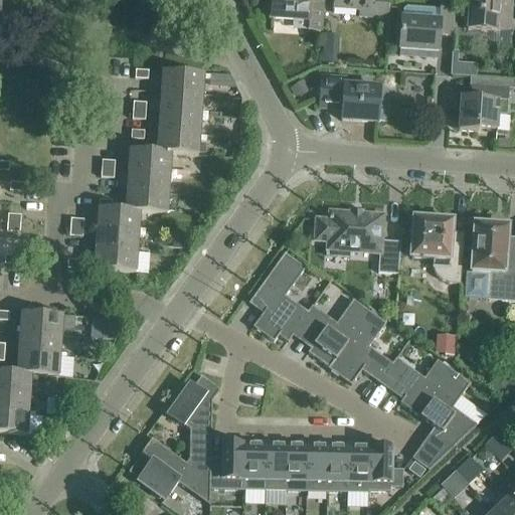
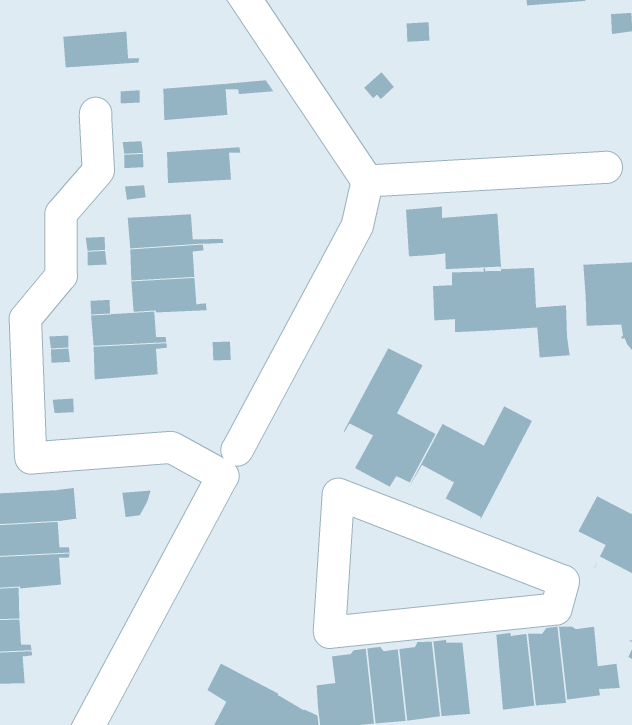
building: [319,75,379,120] -> [405,206,502,270]
building: [160,90,208,113] -> [62,31,140,68]
building: [157,130,206,154] -> none
building: [95,247,142,271] -> none
building: [329,309,396,382] -> none
building: [168,383,211,473] -> none
building: [306,441,328,490] -> none

